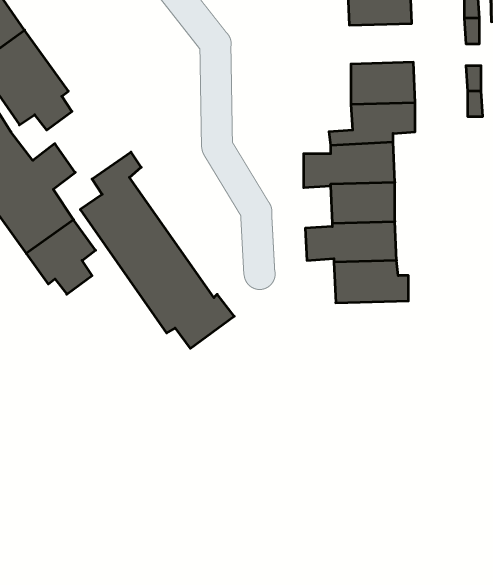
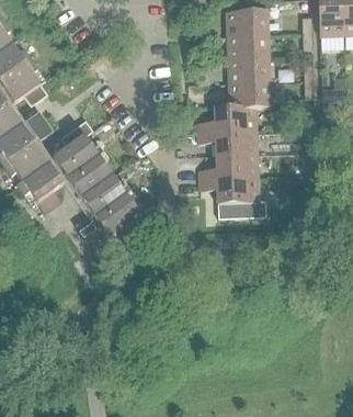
building: none -> [227,36,269,63]

